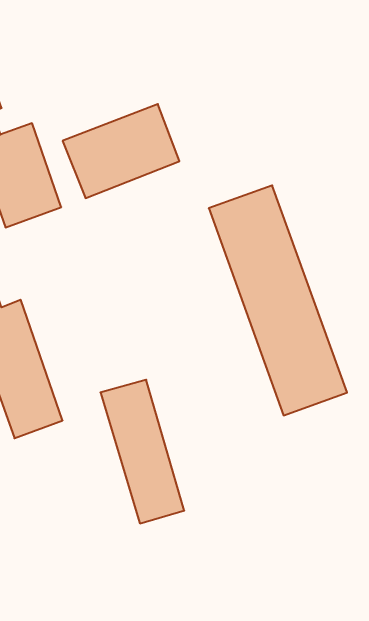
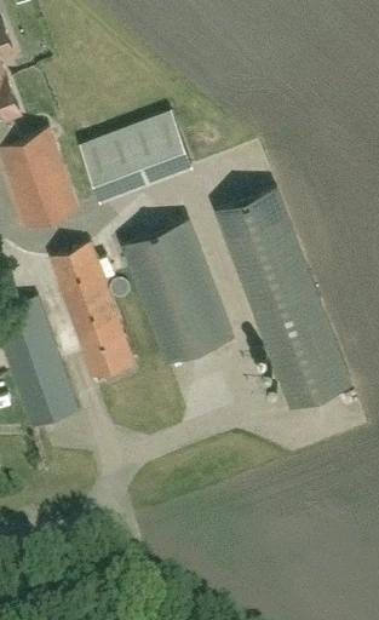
building: none -> [122,220,231,361]
building: [100,380,184,523] -> [58,245,138,381]

